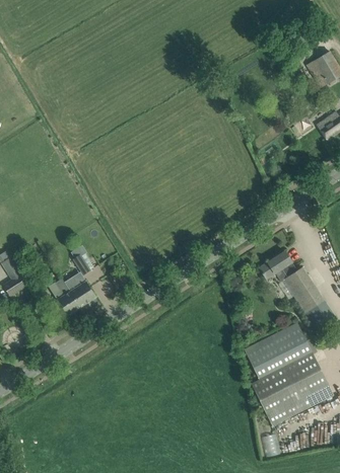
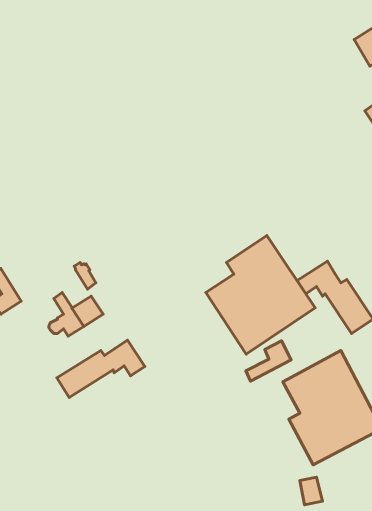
building: none -> [206,236,315,354]
building: none -> [57,340,145,397]
building: none -> [246,341,291,381]

